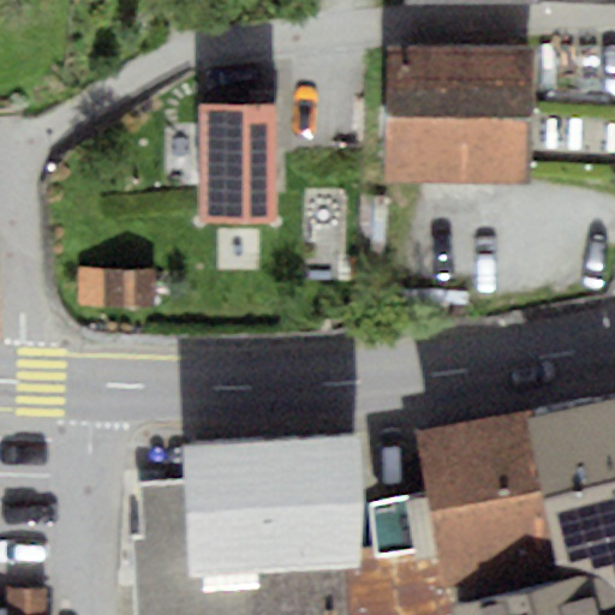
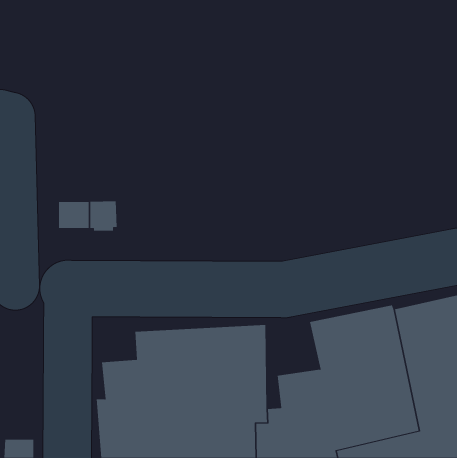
building: [386,44,536,185] -> none
building: [201,102,279,220] -> none

